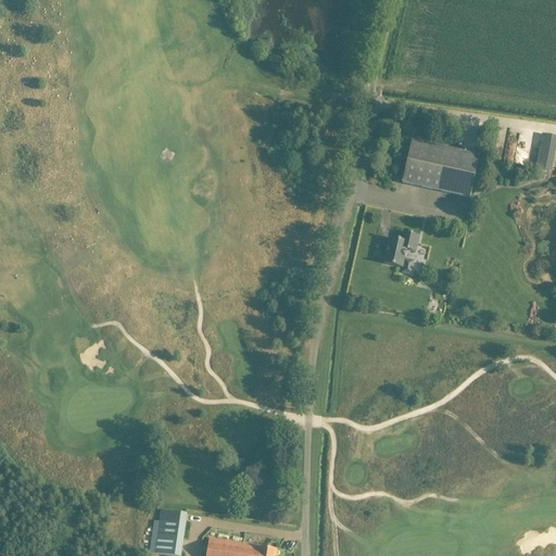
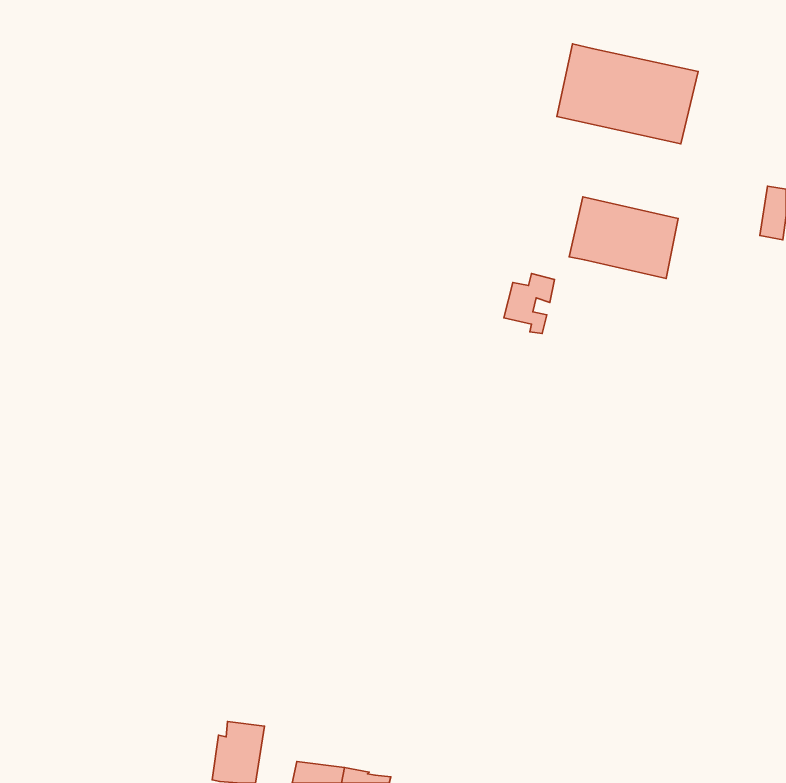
building: none -> [557,44,698,144]
building: [383,230,419,273] -> [504,273,555,333]

